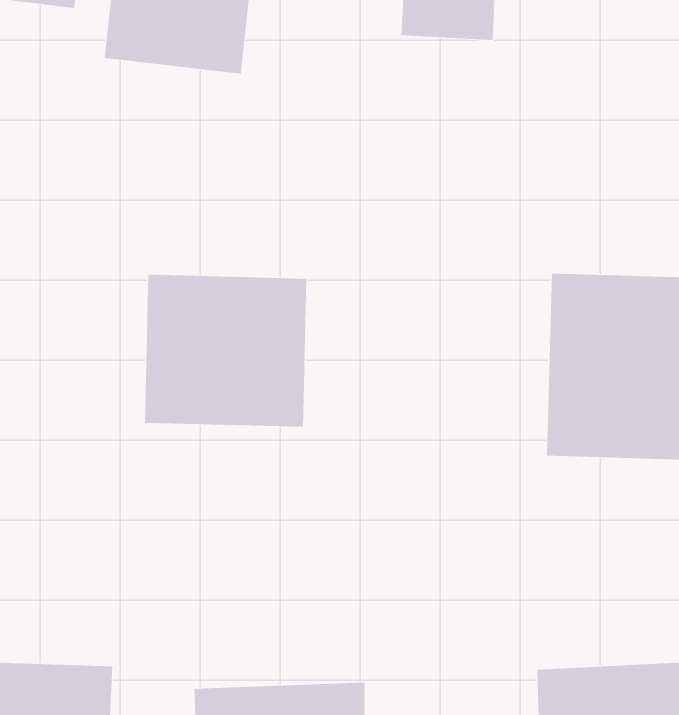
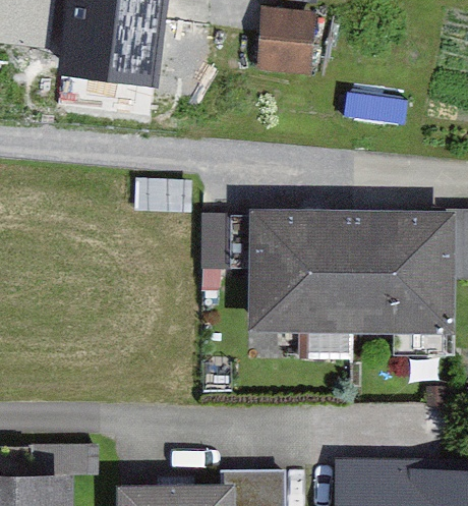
building: none -> [247,213,351,331]
building: [144,274,307,428] -> none

